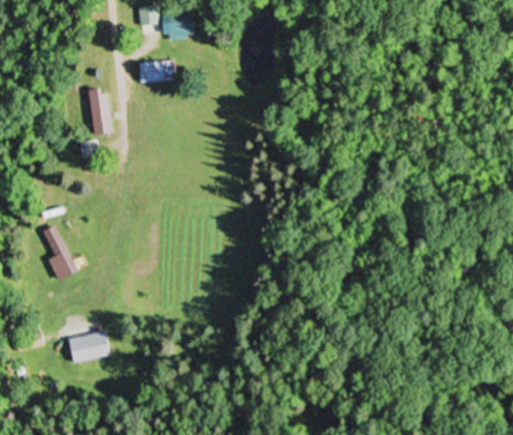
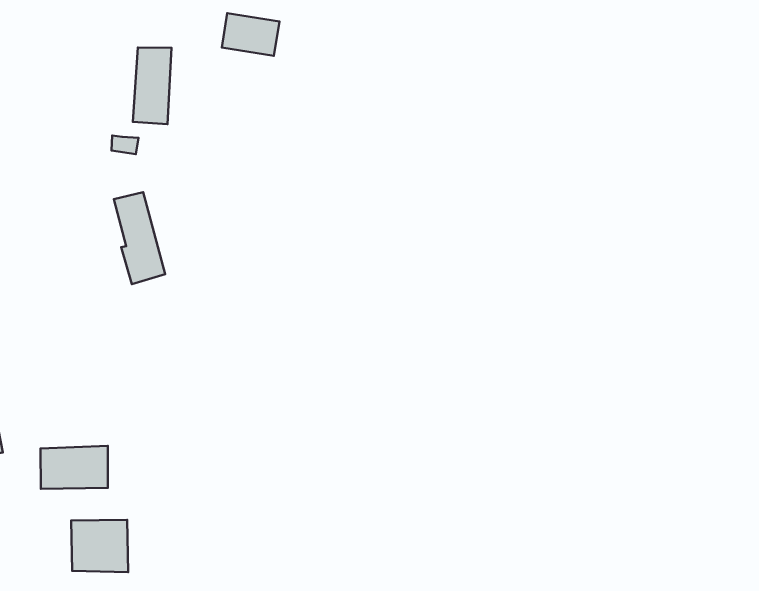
building: [39,225,77,281] -> [114,192,165,284]
building: none -> [71,520,128,572]

